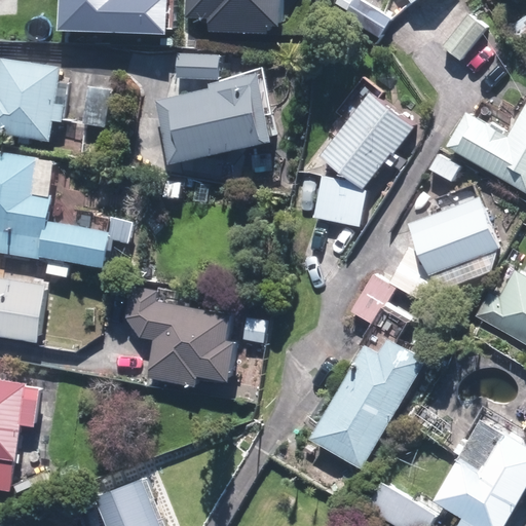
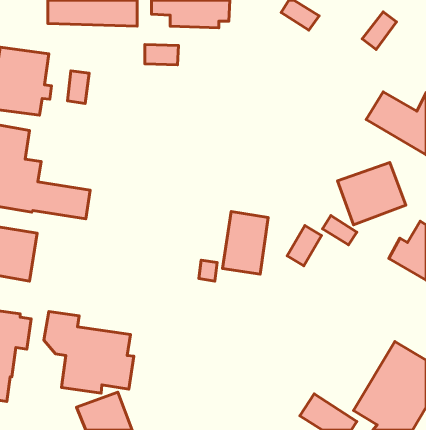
building: [153,76,272,164] -> none
building: [311,91,413,225] -> none
building: none -> [222,212,268,274]
building: [125,286,235,385] -> [44,312,134,393]
building: [310,337,426,468] -> none

